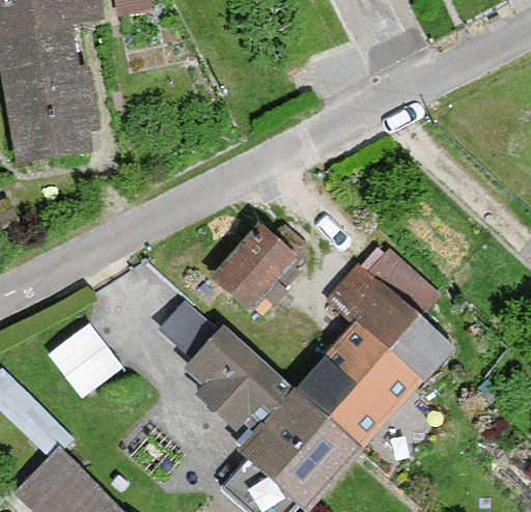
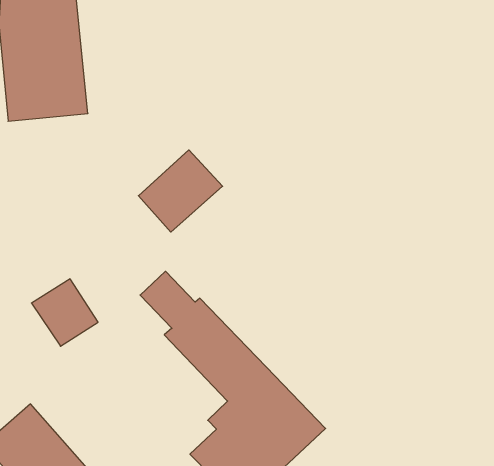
building: [212,227,296,311] -> [138,150,223,232]
building: [294,250,451,450] -> none

